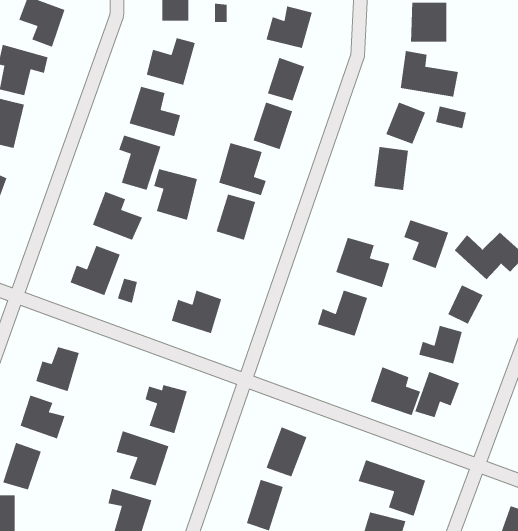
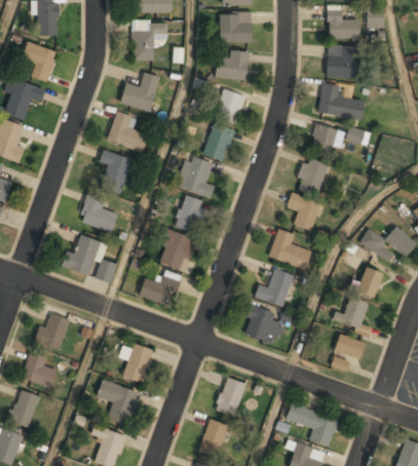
building: [153,168,198,221] -> [158,229,193,270]
building: [403,219,449,269] -> [287,193,322,232]
building: [370,366,421,416] -> [242,306,282,345]

